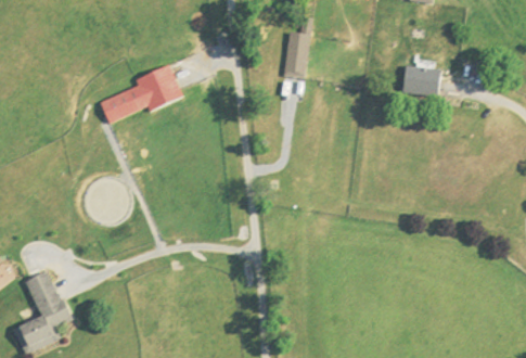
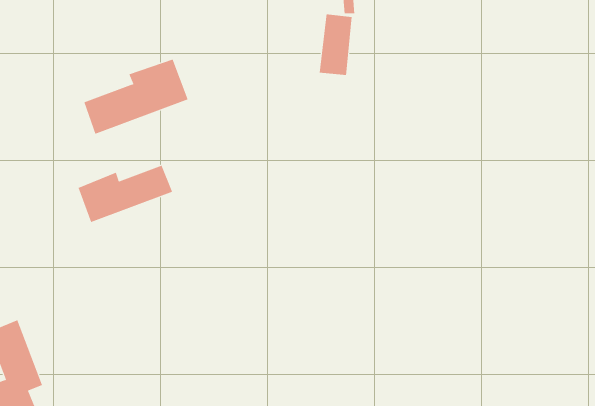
building: [405,66,440,99] -> none
building: none -> [78,165,173,223]

